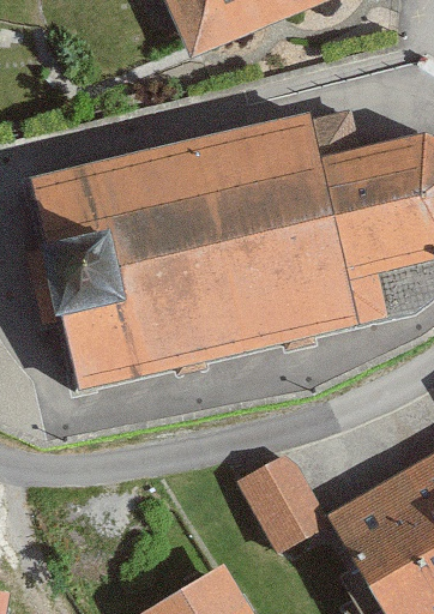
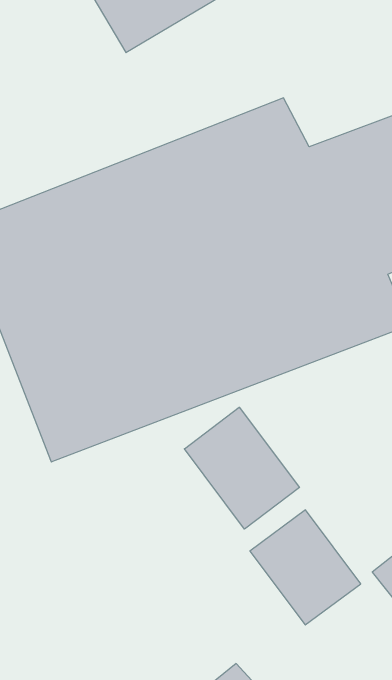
building: none -> [184,407,299,529]

